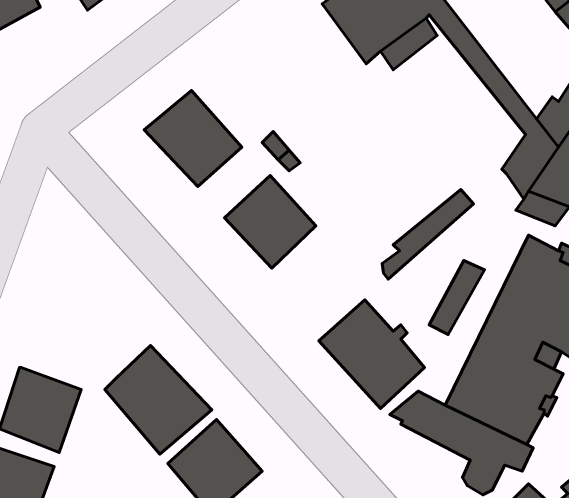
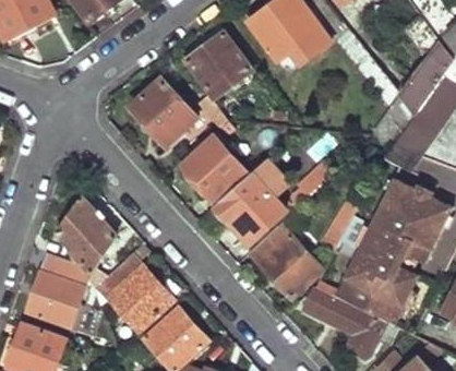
building: none -> [184,29,255,98]
building: none -> [213,158,289,253]
building: none -> [41,199,115,289]

